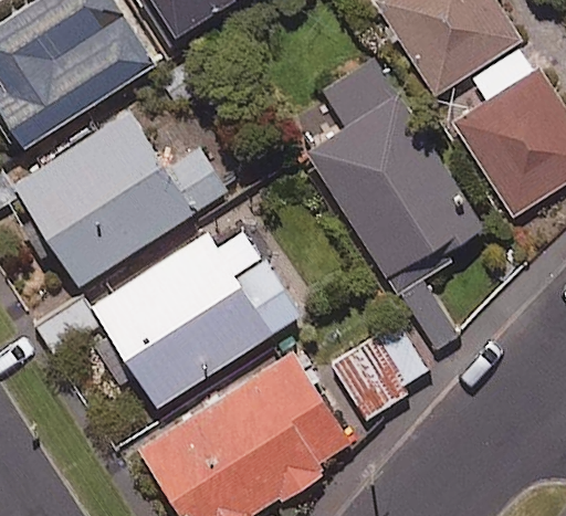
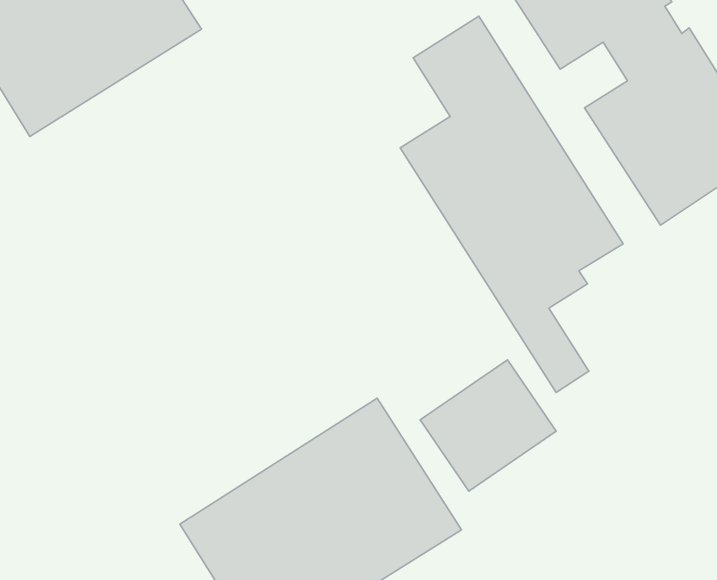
building: [15,110,226,285] -> none
building: [92,233,300,407] -> none

